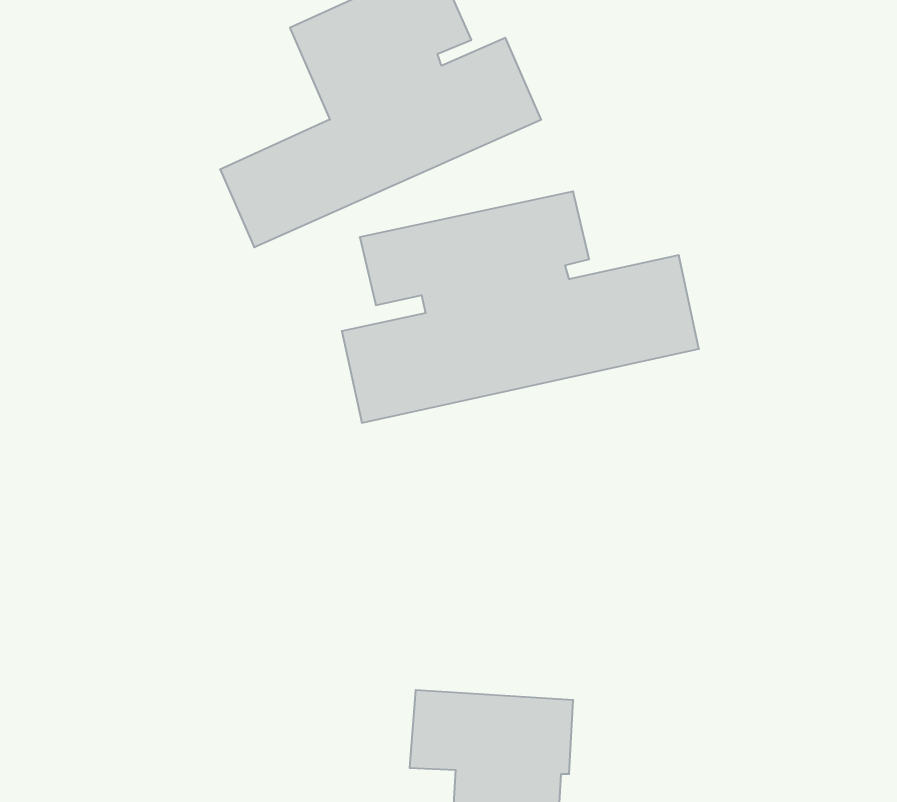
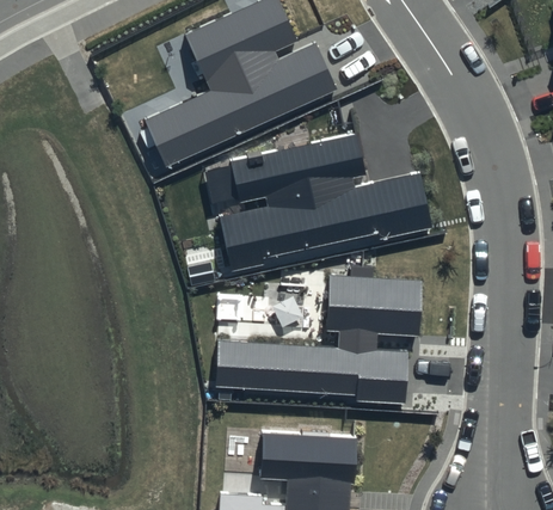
building: none -> [216,274,424,401]

